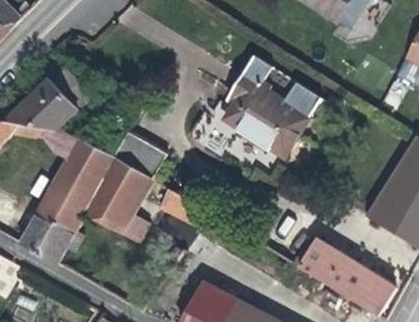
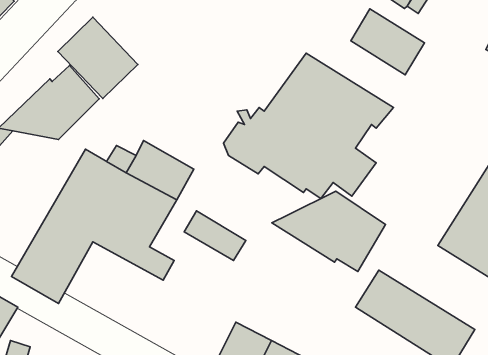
building: none -> [351,9,424,75]
building: none -> [58,17,138,98]
building: none -> [272,191,385,271]

